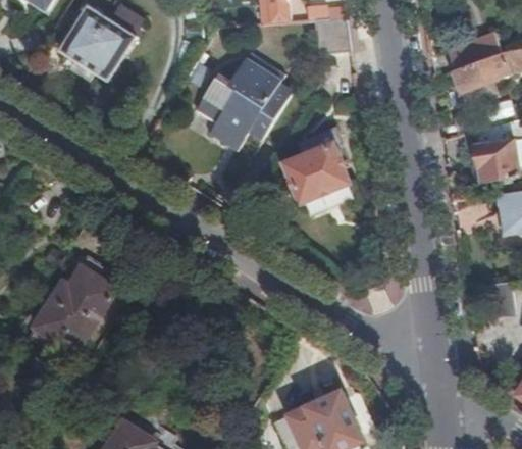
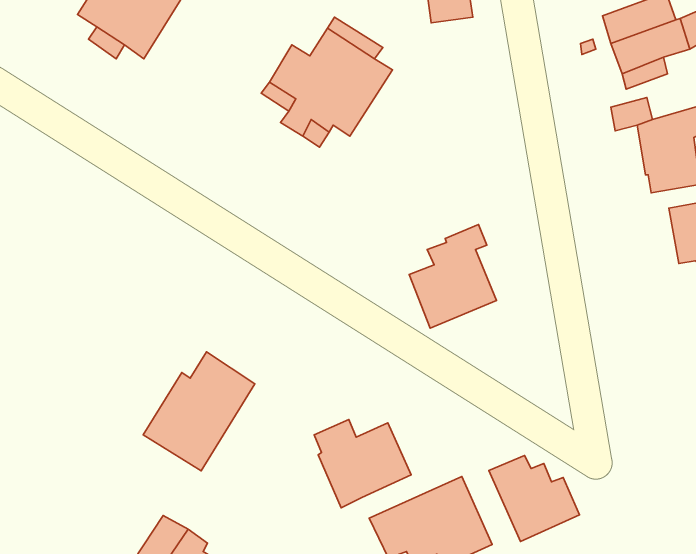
building: [285,127,350,203] -> [409,225,496,328]
building: [34,265,116,353] -> [143,352,255,471]
building: none -> [314,420,411,508]
building: none -> [489,456,580,541]

